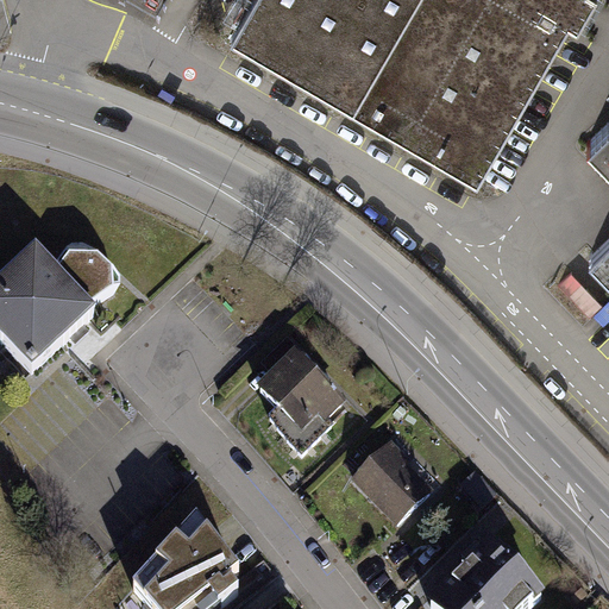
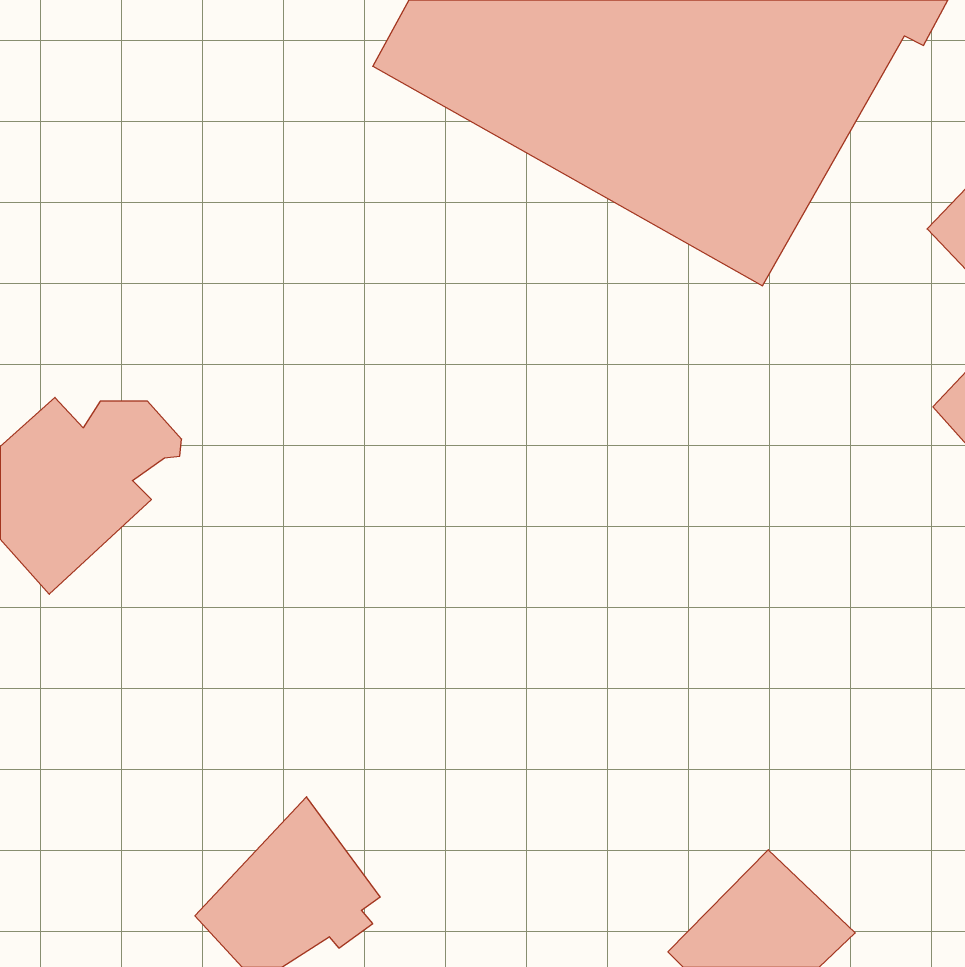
building: [253,350,347,453] -> none
building: [349,441,437,530] -> none

